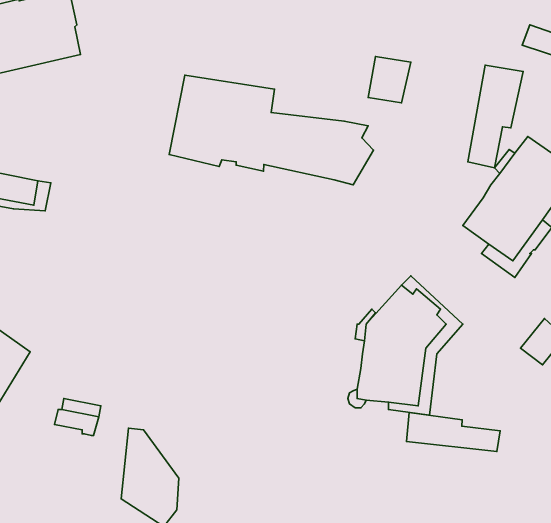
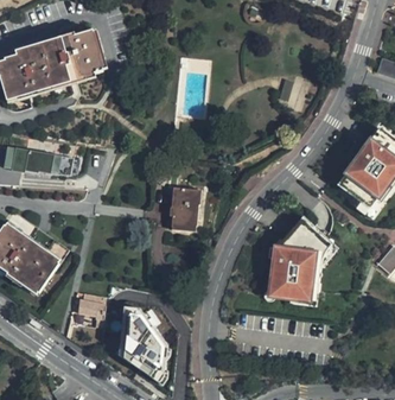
building: [468,65,523,168] -> none
building: [169,75,373,185] -> none
building: none -> [167,184,200,227]
building: [407,412,500,451] -> none

